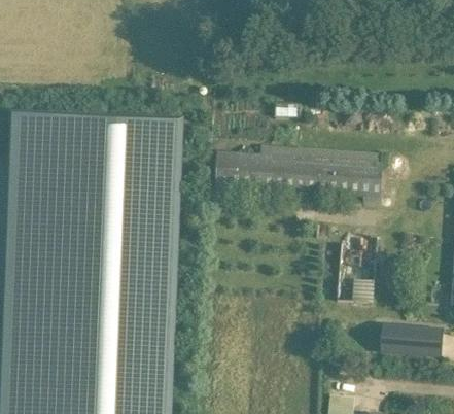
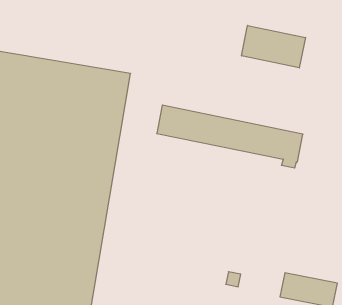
building: none -> [242,25,305,68]
building: [337,235,378,304] -> none

